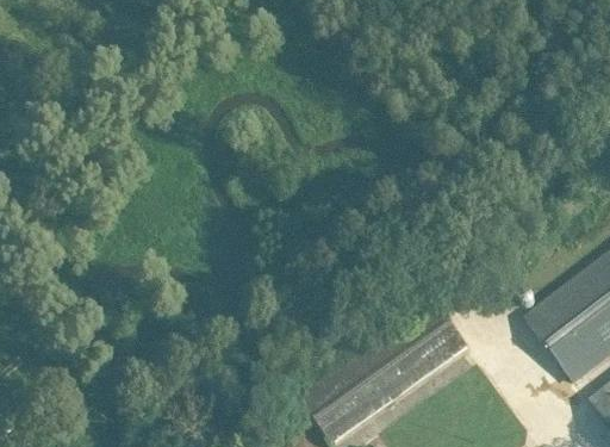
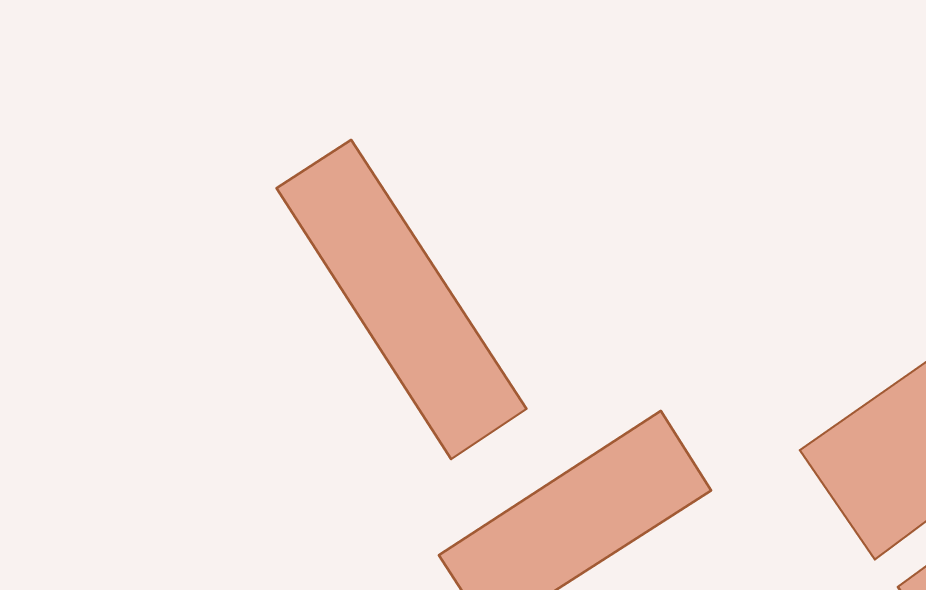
building: none -> [276,140,526,459]

